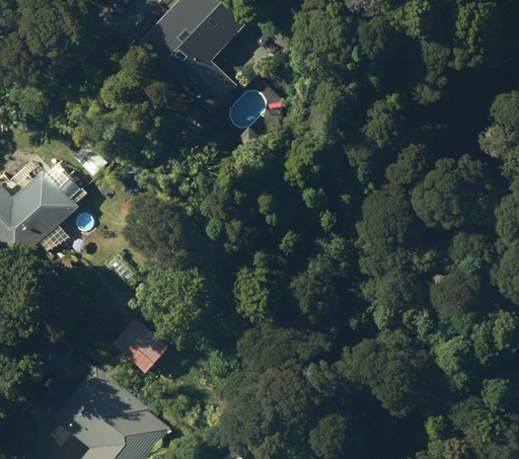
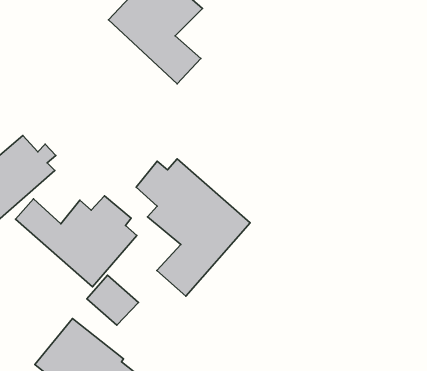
building: none -> [136,159,250,296]
building: none -> [16,196,137,287]

